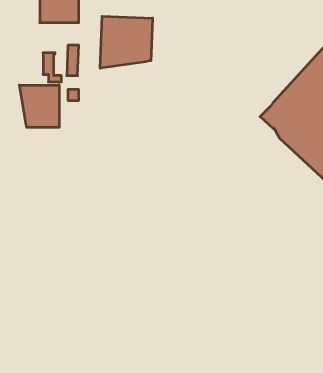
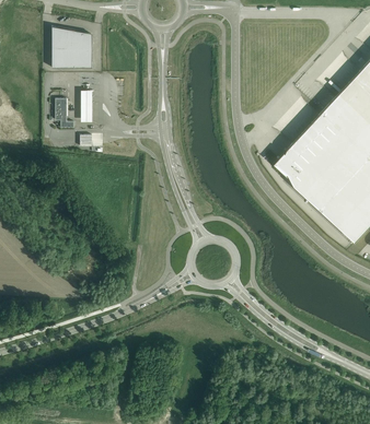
building: [100,16,153,68] -> none
building: [19,85,59,127] -> none

